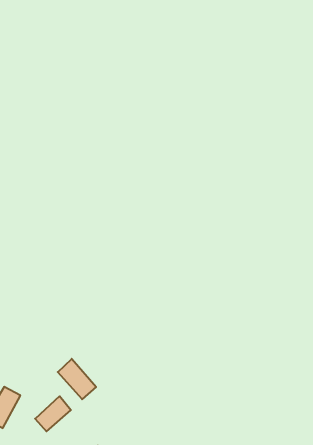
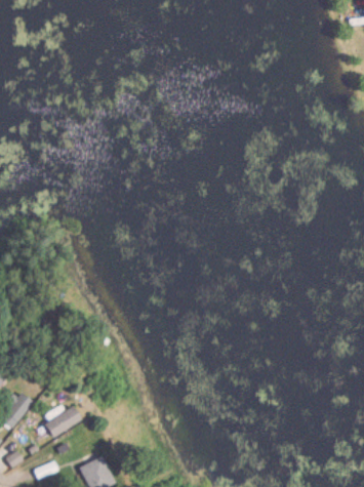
building: [58,359,96,399] -> none

